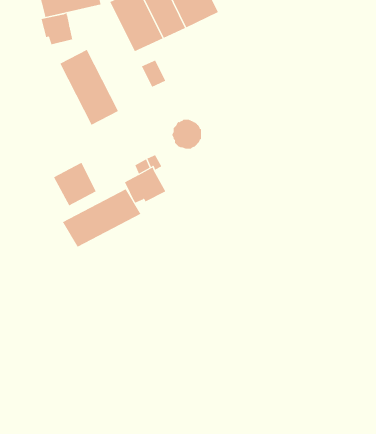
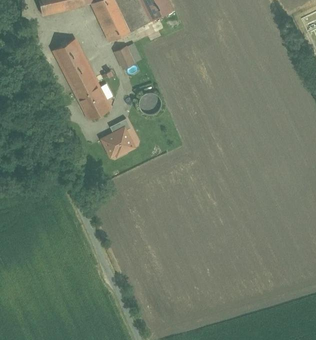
building: [41,12,73,45] -> none
building: [53,163,97,206] -> [77,86,110,119]
building: [62,188,141,248] -> none

